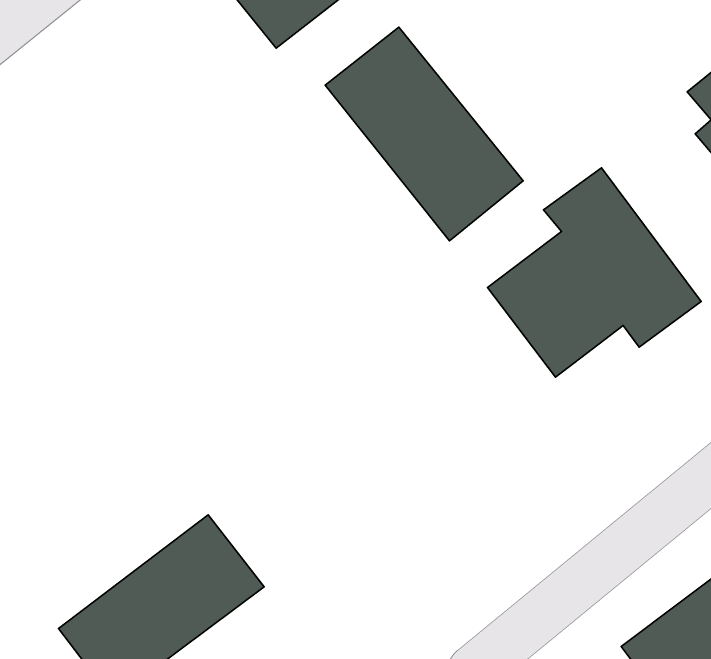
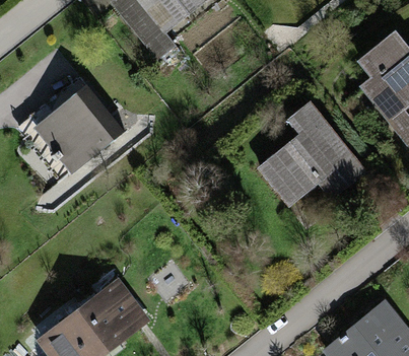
building: [325,27,523,241] -> none
building: none -> [35,95,112,172]

